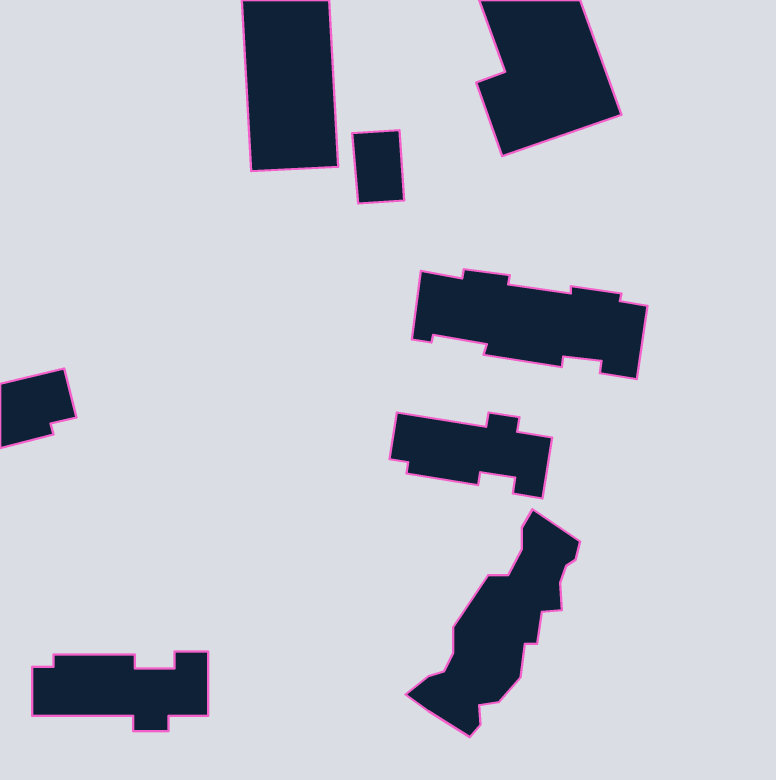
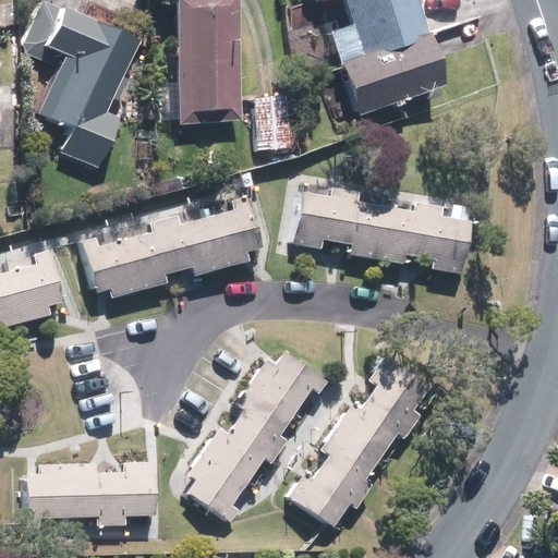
building: none -> [39,10,132,166]
building: none -> [92,198,264,295]
building: [389,412,552,498] -> none
building: none -> [191,350,312,515]

